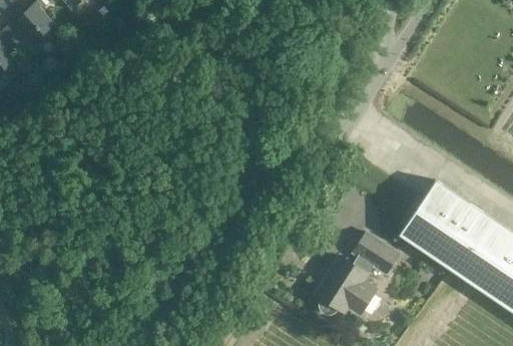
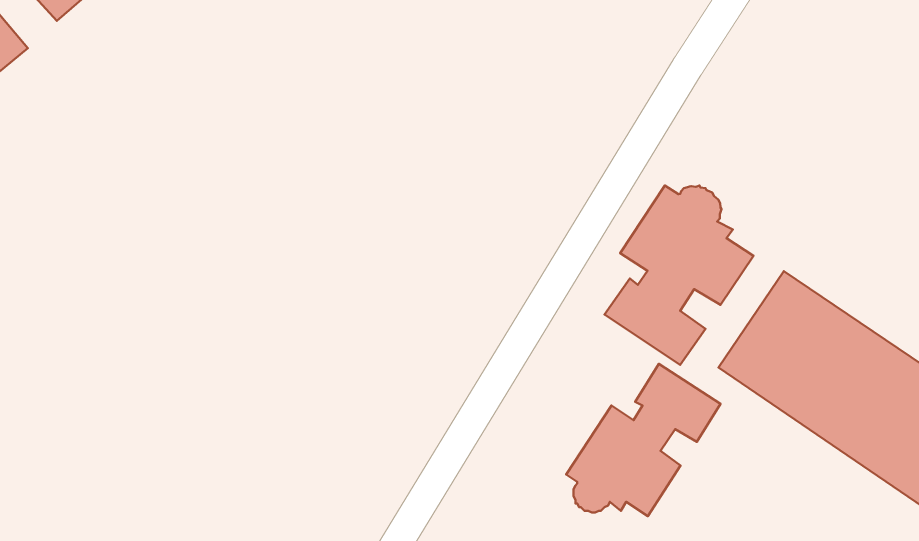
building: none -> [604,185,754,365]

